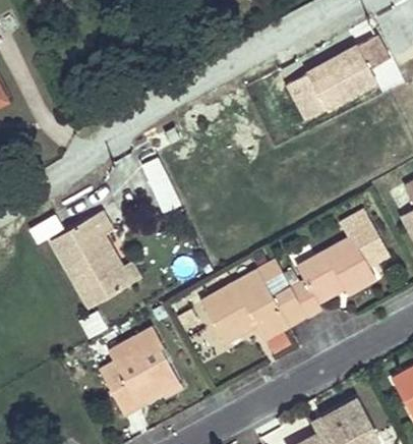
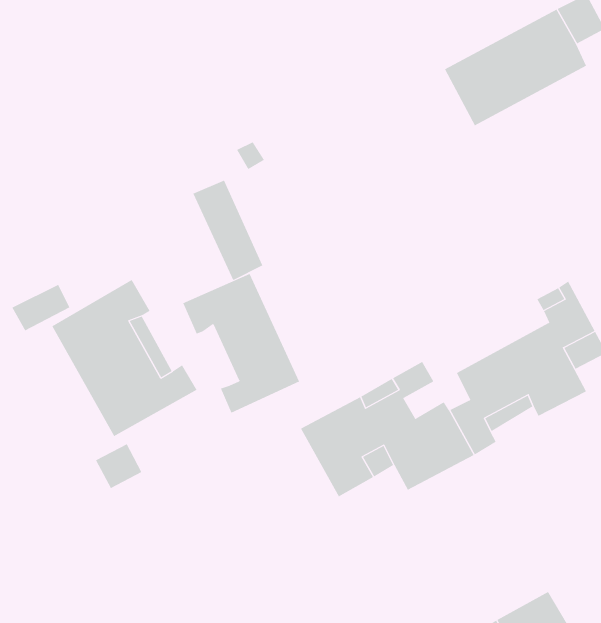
building: none -> [182,273,300,414]
building: [100,328,179,411] -> none

